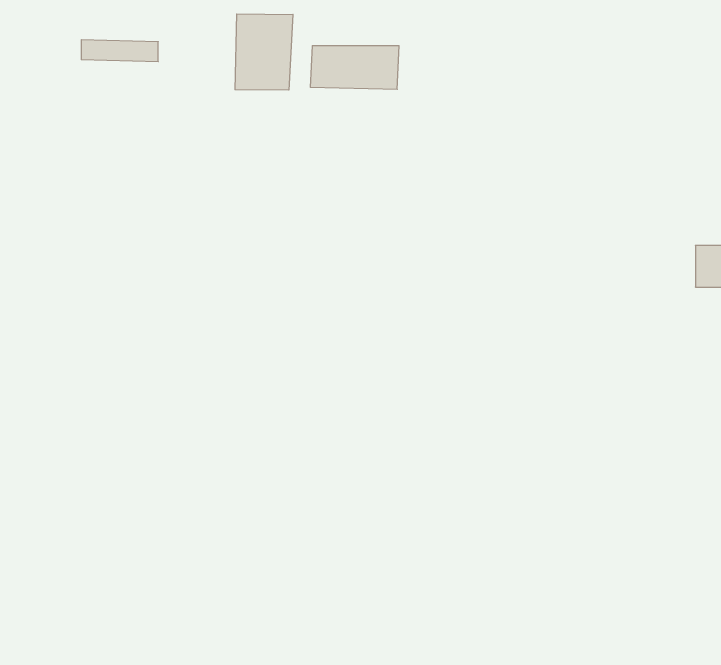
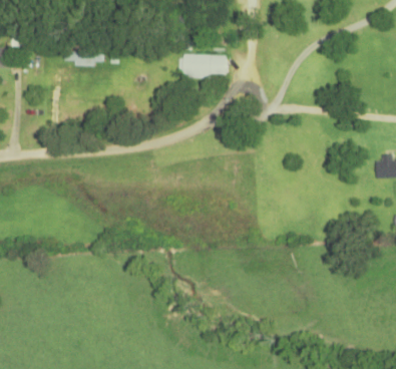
building: [235,14,293,90] -> none

